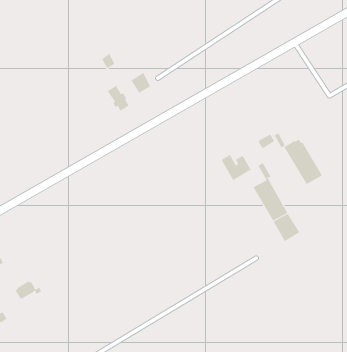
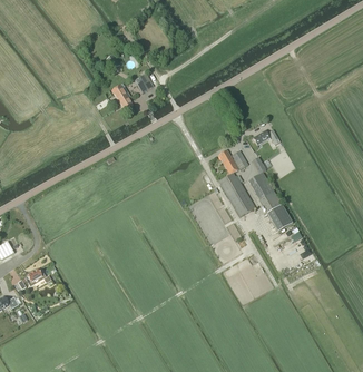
building: [284,139,323,185] -> [218,173,255,216]

